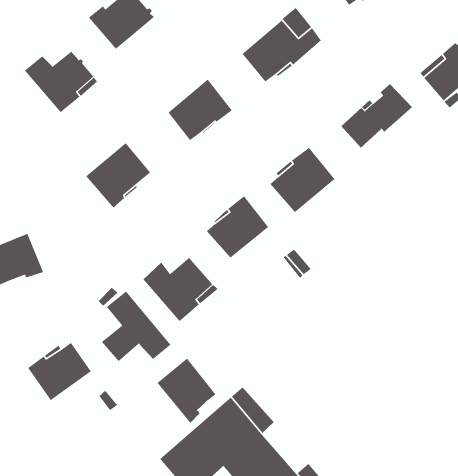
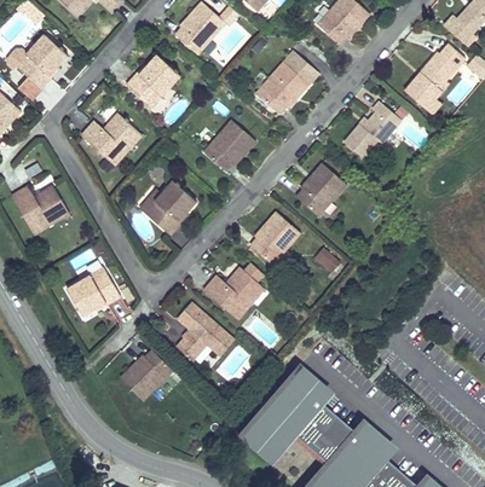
building: [156,357,216,424] -> none

